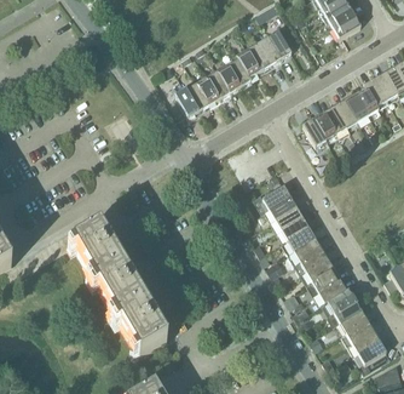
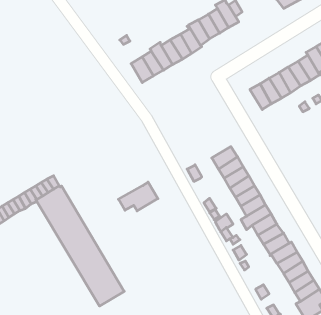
building: none -> [118,182,158,211]

